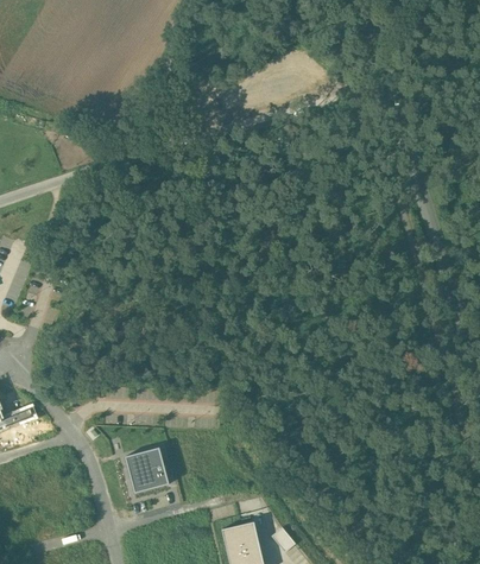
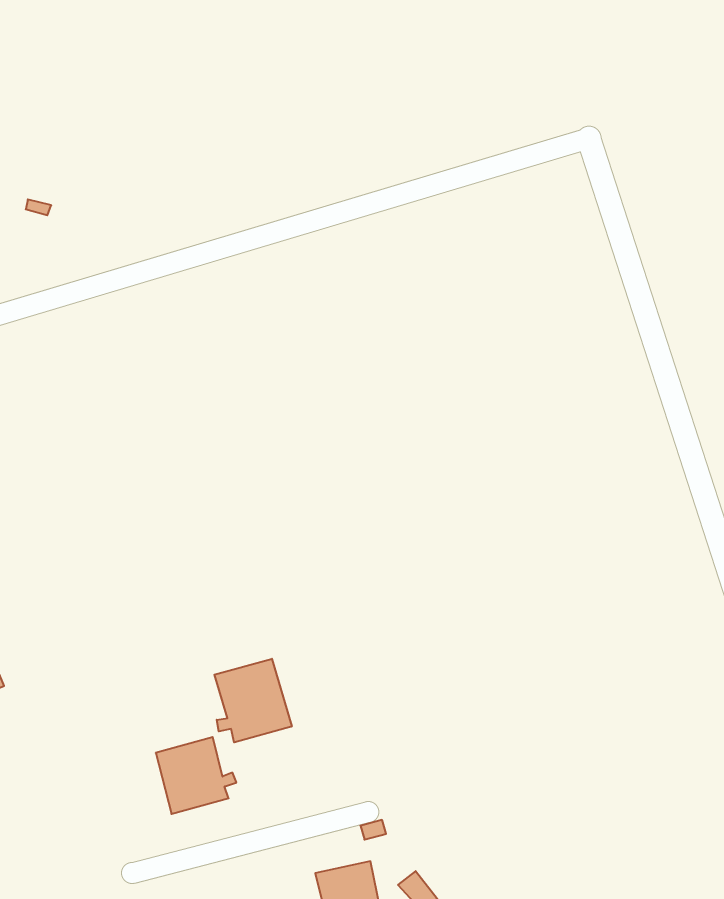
building: none -> [214,659,292,742]

